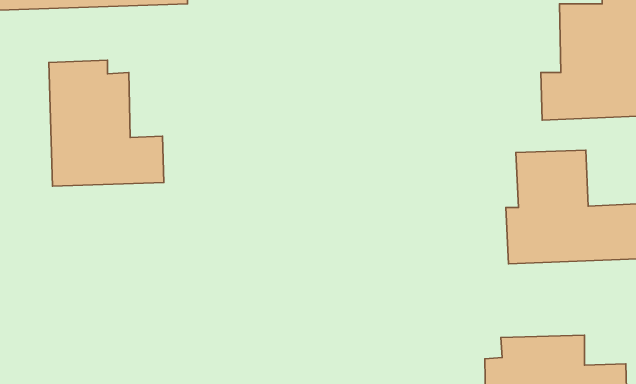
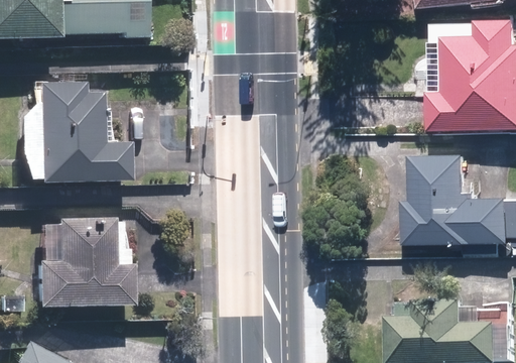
building: none -> [39,216,135,306]

